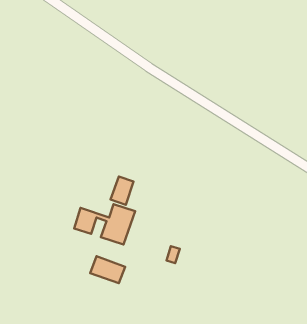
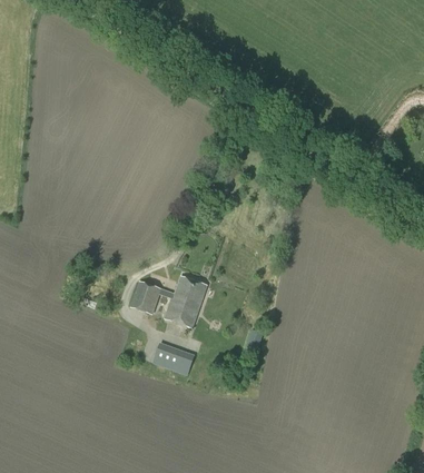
building: [110,177,134,205] -> none

